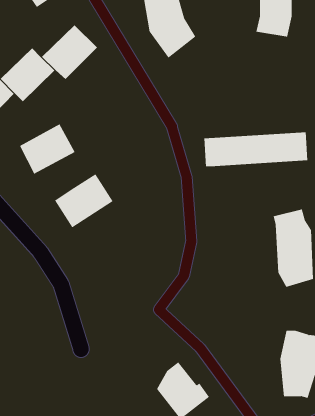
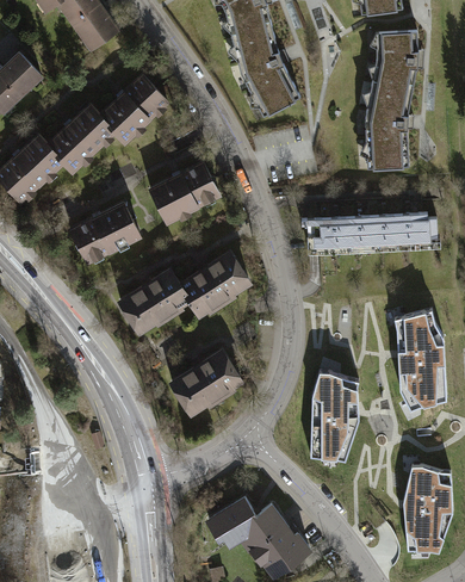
building: none -> [365,82,414,172]
building: none -> [148,159,222,224]
building: none -> [178,248,253,317]
building: none -> [167,345,246,415]
building: none -> [311,373,359,462]
building: none -> [205,500,258,556]

